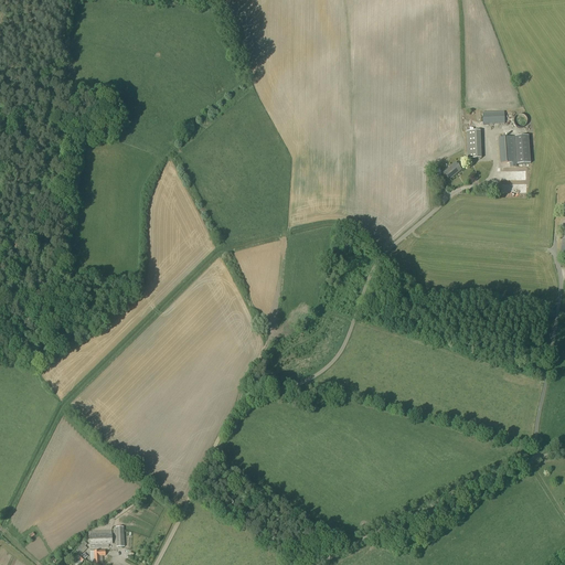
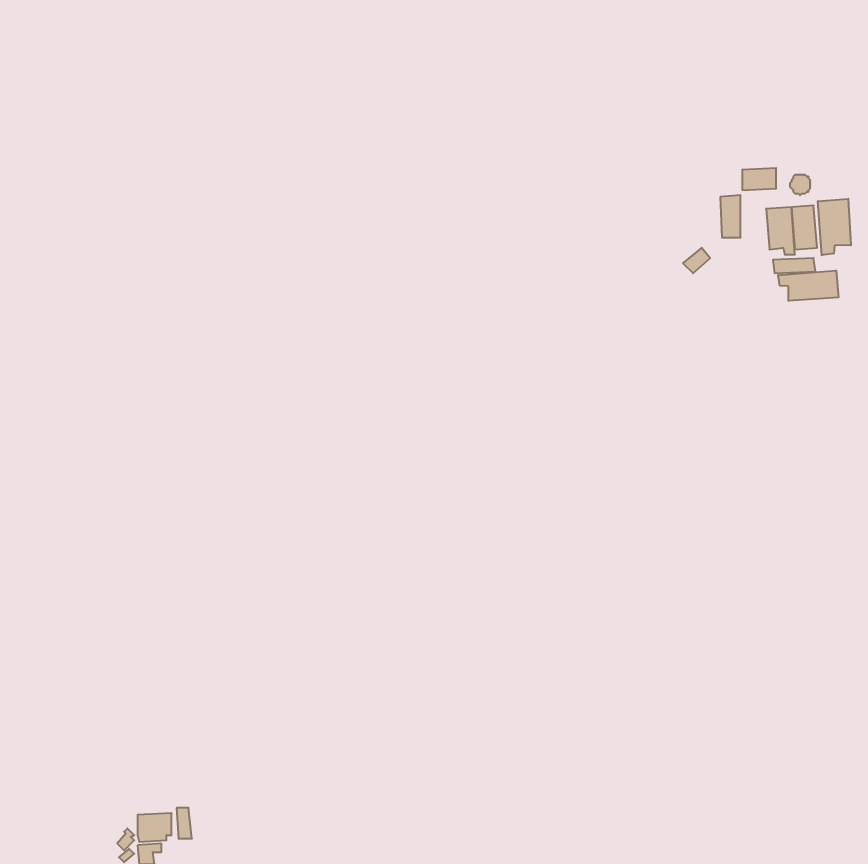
building: none -> [818,199,851,255]
building: none -> [778,270,838,301]

